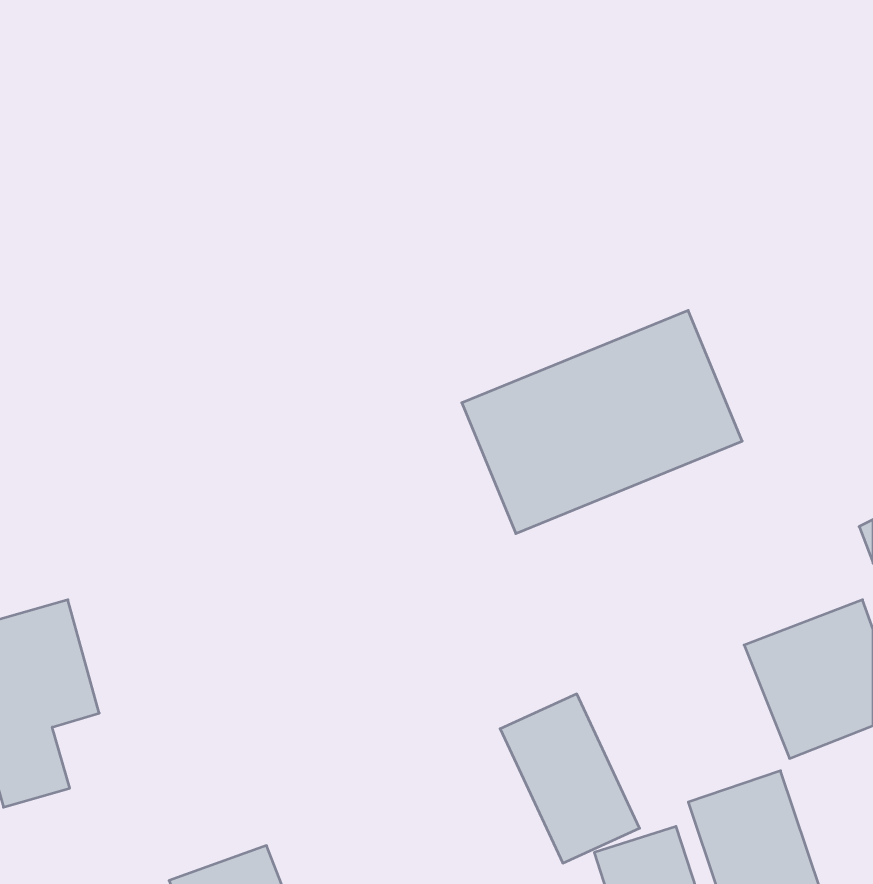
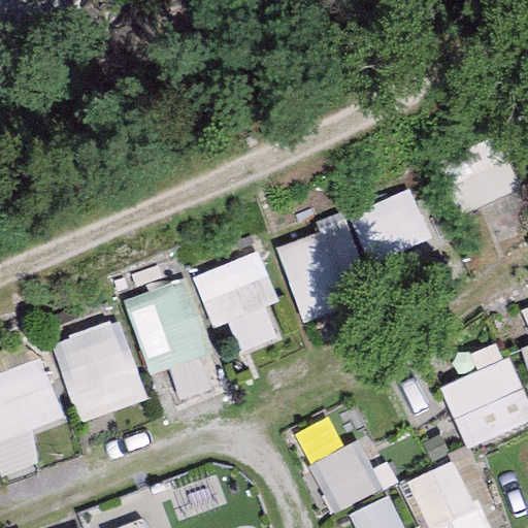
building: none -> [200,249,285,355]
building: none -> [134,276,218,403]
building: none -> [51,317,146,425]

